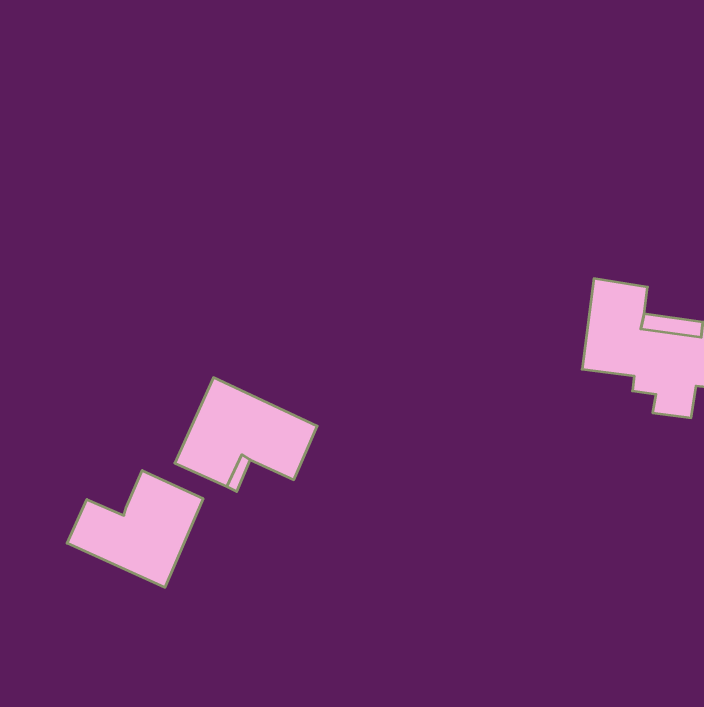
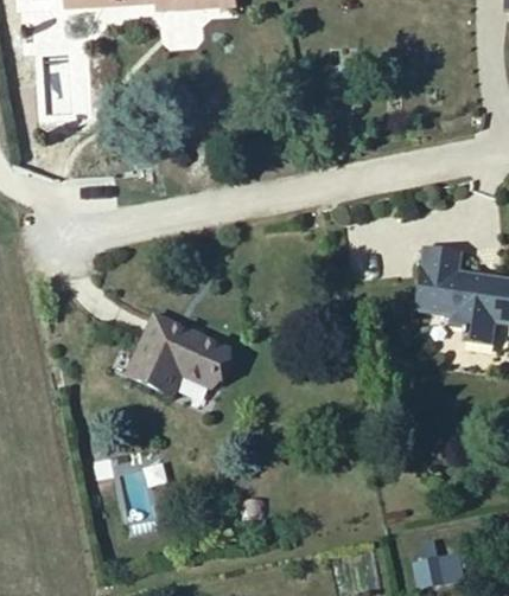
building: [67,470,203,587] -> none

